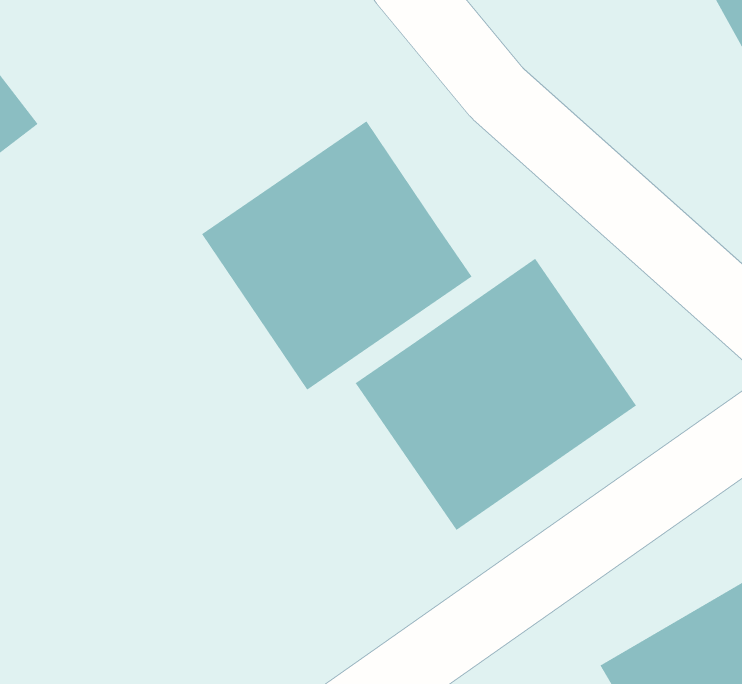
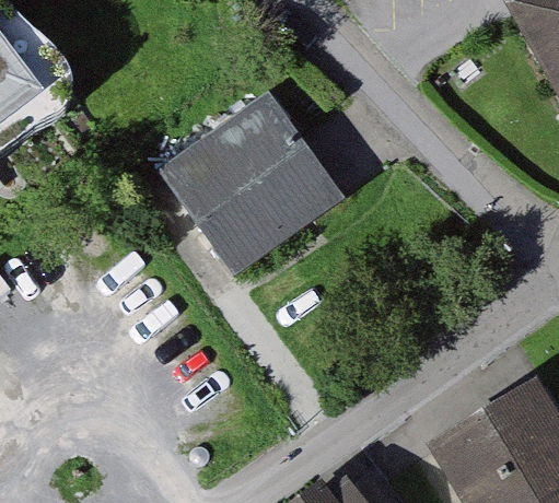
building: [355,258,637,531] -> none

